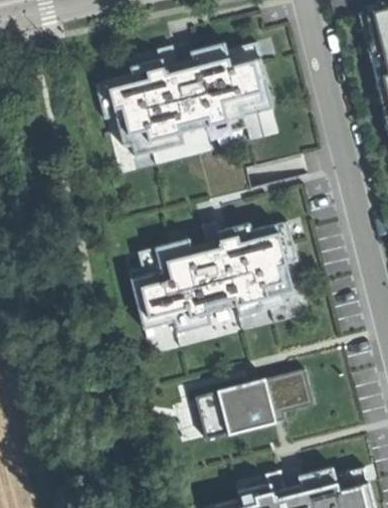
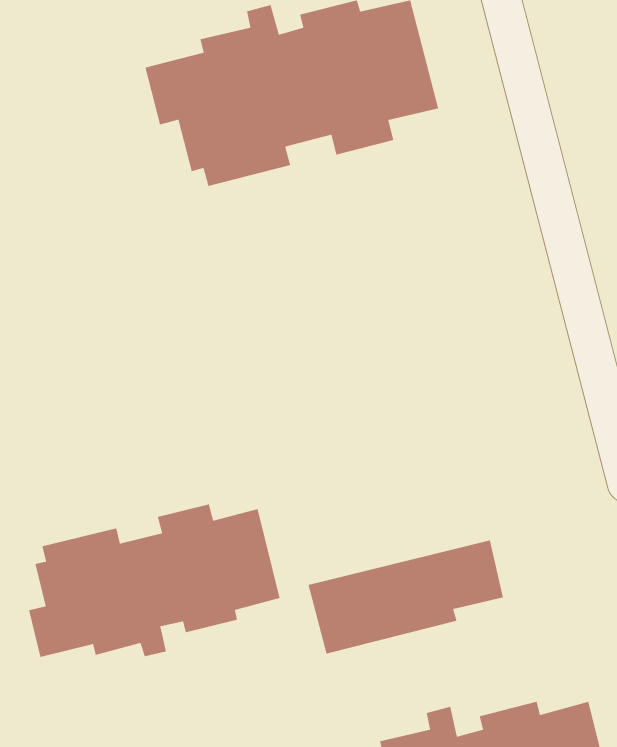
building: [130,223,299,335] -> none
building: none -> [28,504,280,658]

